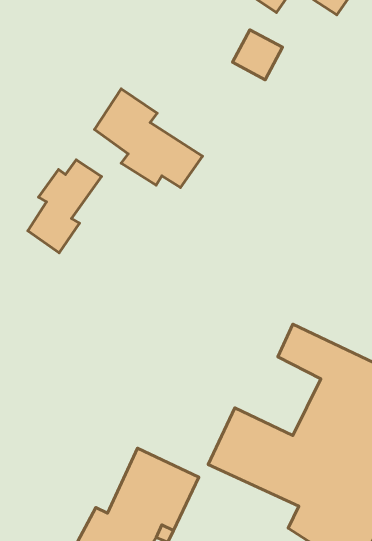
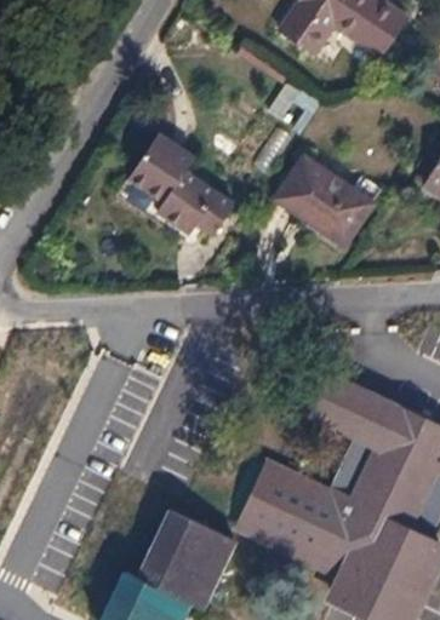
building: none -> [274,156,381,242]
building: [28,160,101,253] -> none

